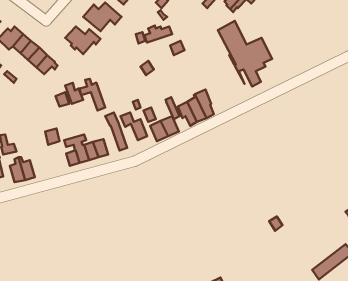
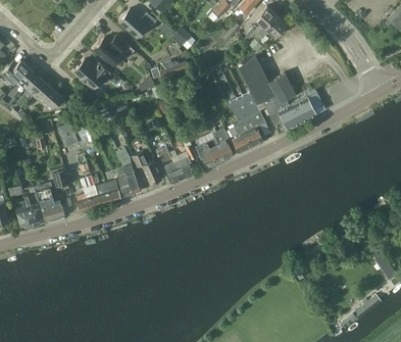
building: none -> [275,91,325,134]
building: none -> [230,92,267,153]
building: [79,79,105,110] -> [106,163,134,197]
building: none -> [35,183,65,223]

